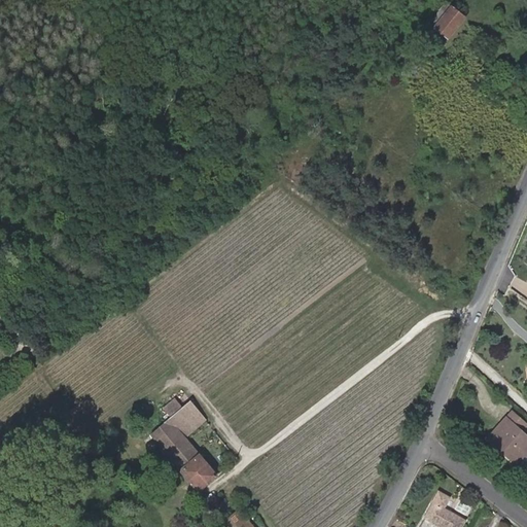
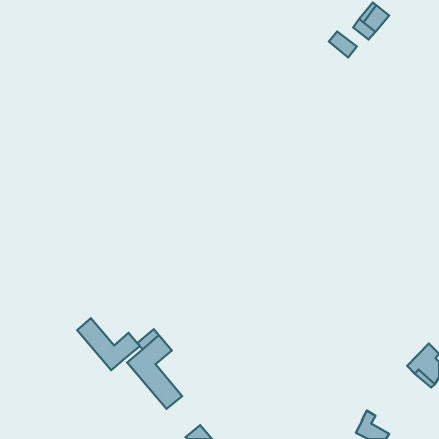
building: none -> [329,31,357,58]
building: none -> [77,318,140,370]

